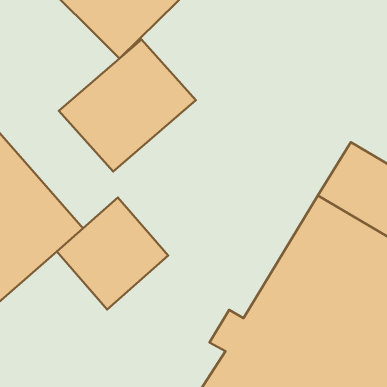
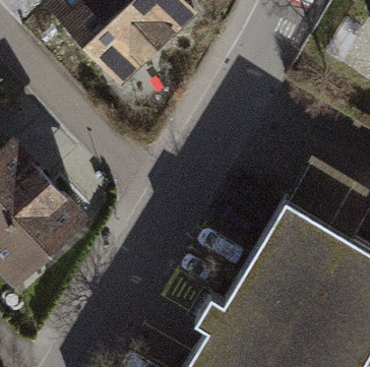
building: [59,39,196,171] -> none
building: [57,198,168,309] -> none

